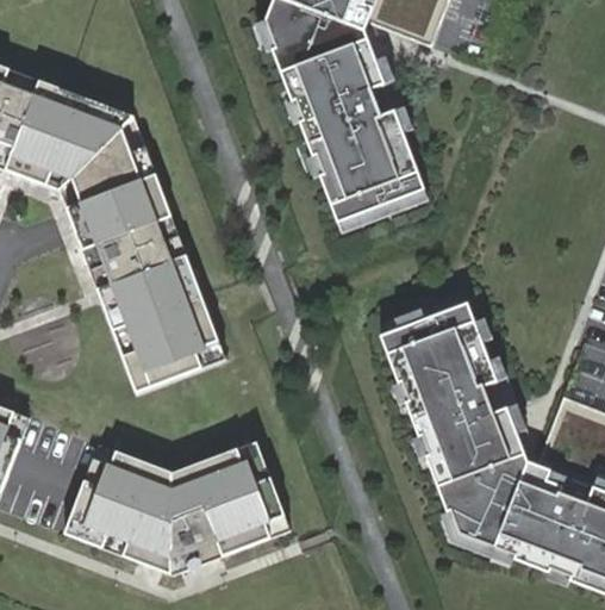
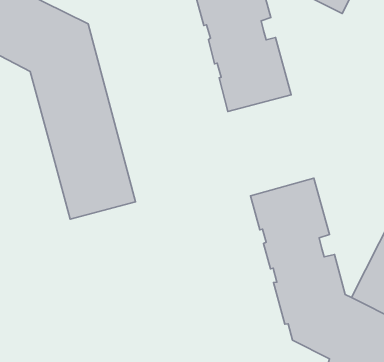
building: [58,441,286,575] -> none

